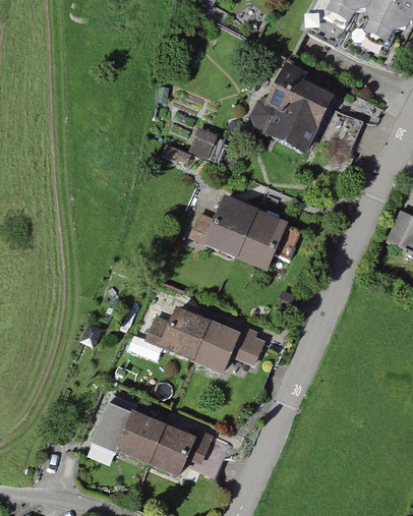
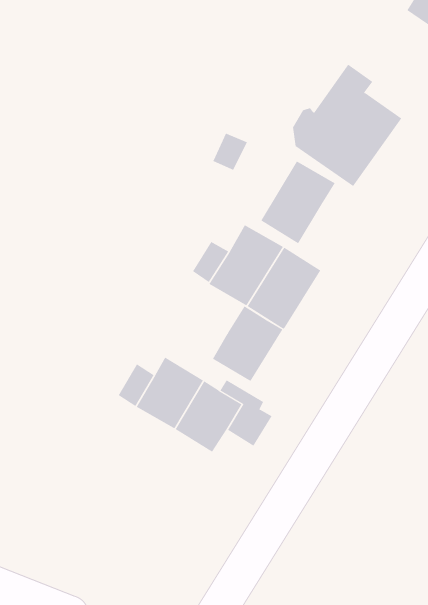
building: none -> [261,160,336,244]
building: none -> [212,305,283,382]
building: [100,412,210,478] -> none

